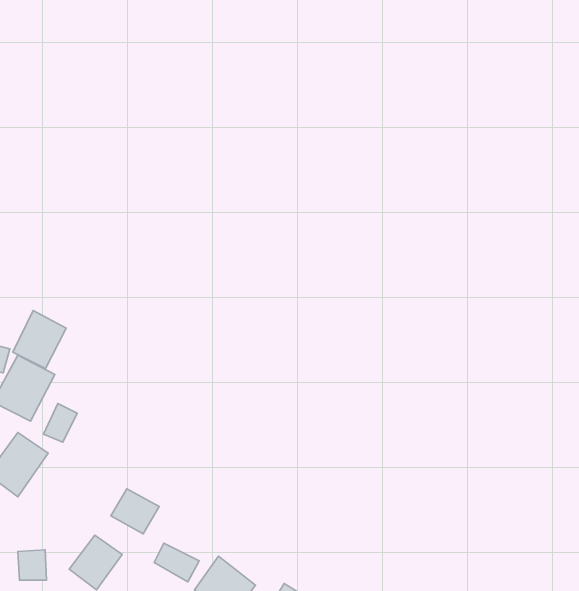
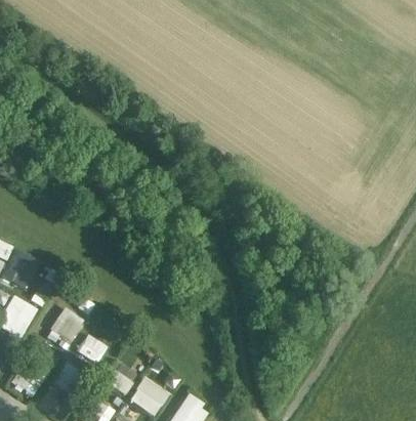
building: [13,310,66,368] -> none
building: none -> [48,307,85,344]

